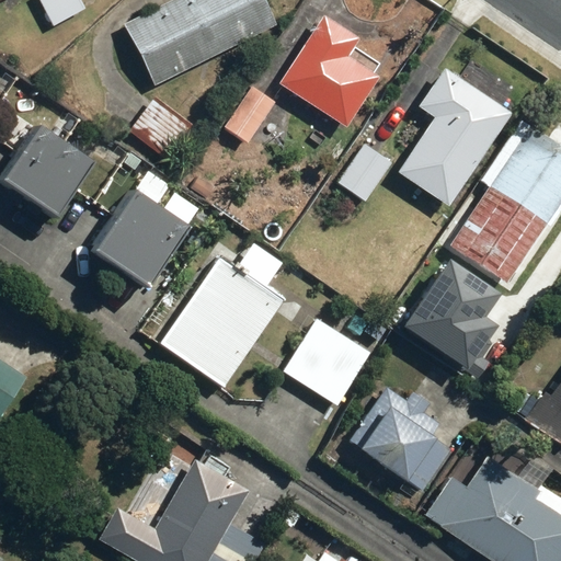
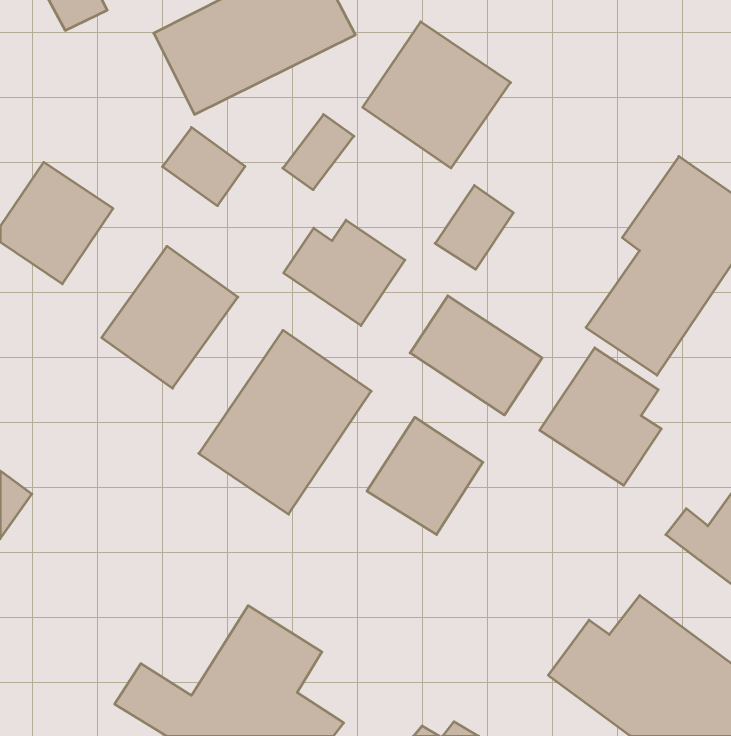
building: [398,69,510,205] -> none
building: none -> [284,220,405,326]
building: none -> [410,296,542,415]
building: [347,383,455,497] -> none

